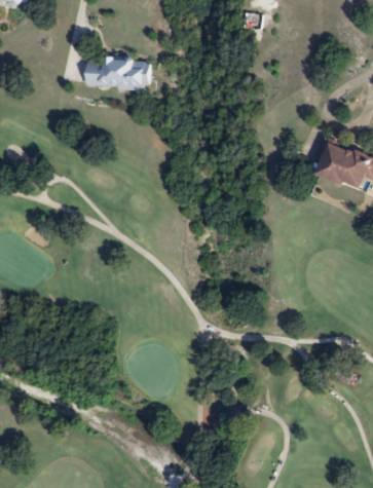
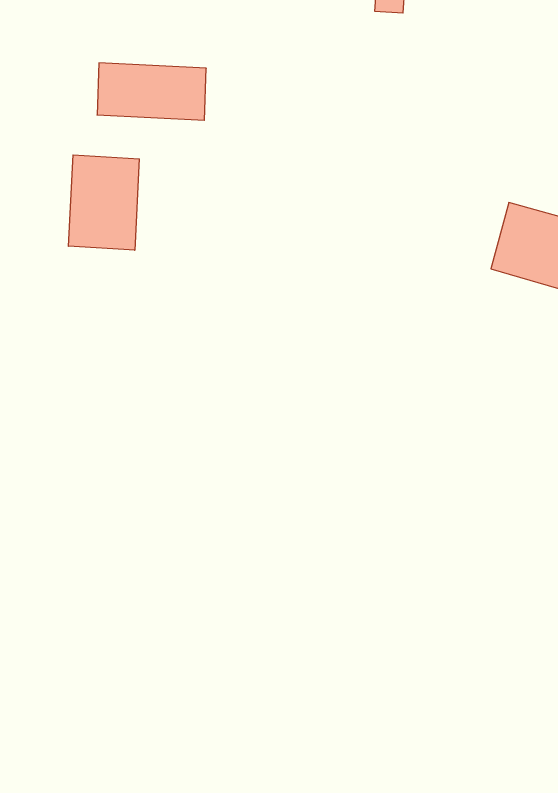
building: none -> [68,155,139,250]

